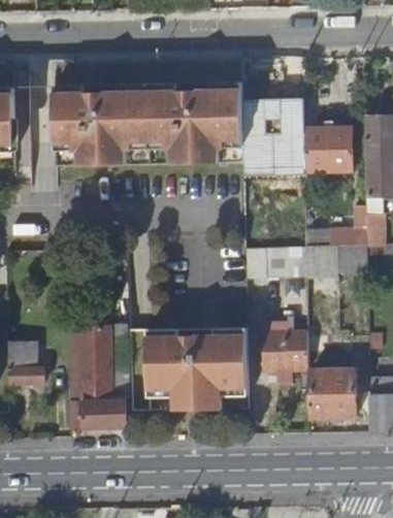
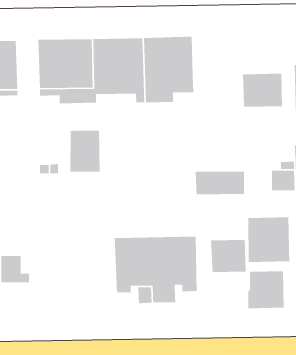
building: [242,98,303,167] -> none
building: none -> [69,130,101,172]
building: [305,246,337,272] -> none
building: none -> [248,216,290,263]
building: [69,325,126,427] -> none

